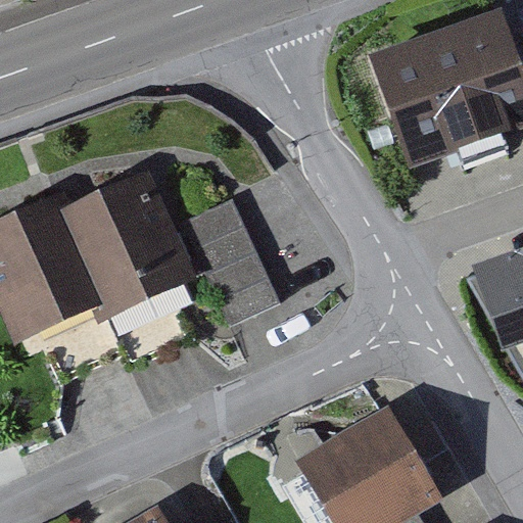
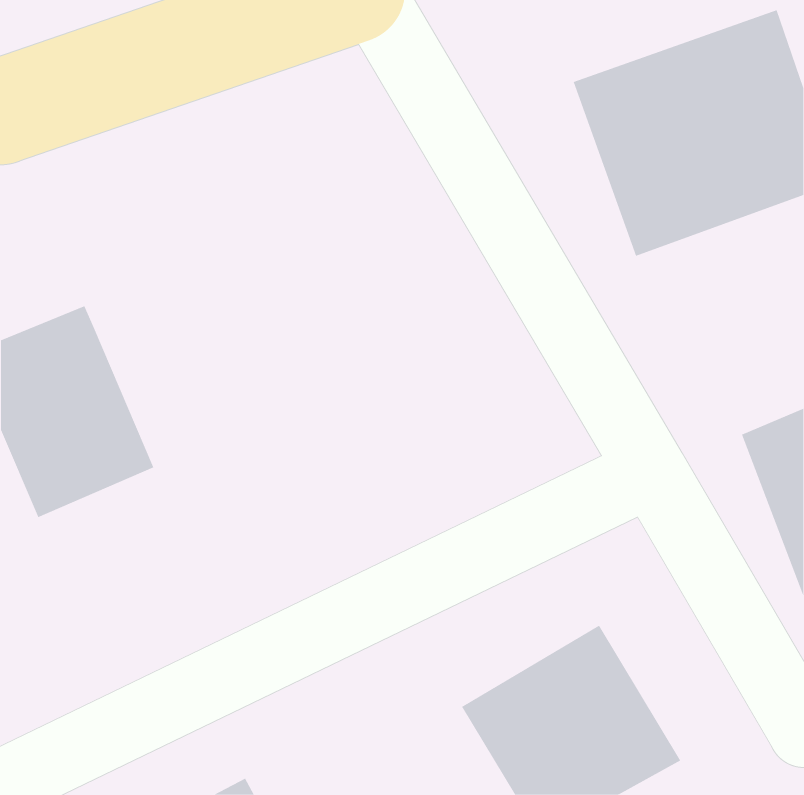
building: [61,177,184,303] -> none
building: [189,199,278,324] -> none

